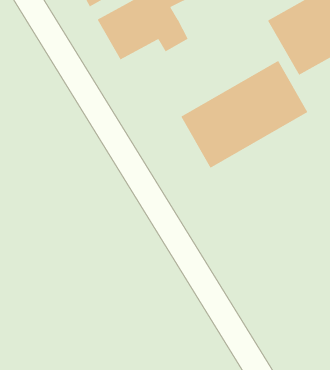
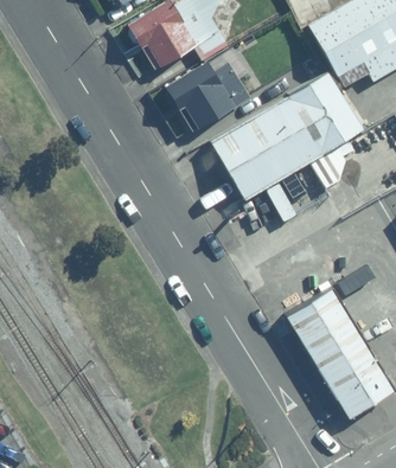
building: none -> [159,63,251,136]
building: none -> [283,293,385,418]

